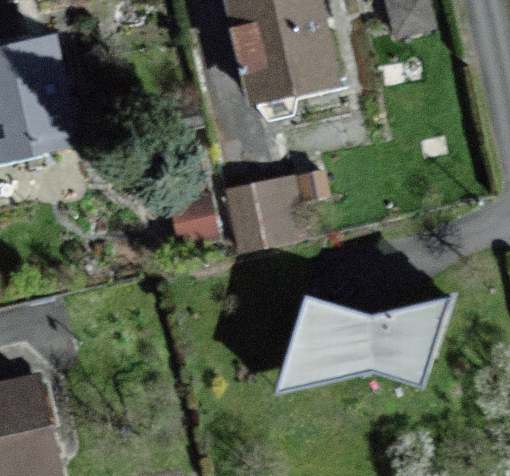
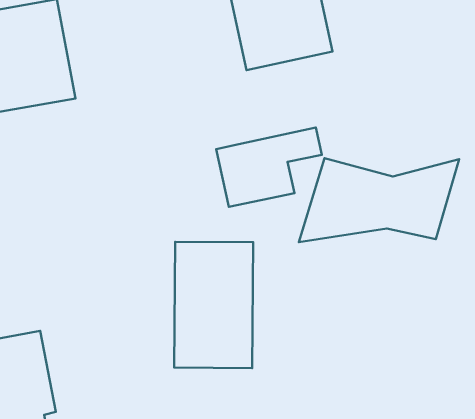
building: none -> [174,242,253,368]
building: [278,298,442,384] -> [299,158,459,242]

